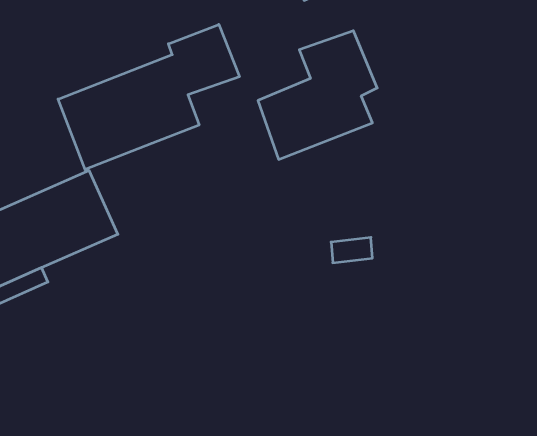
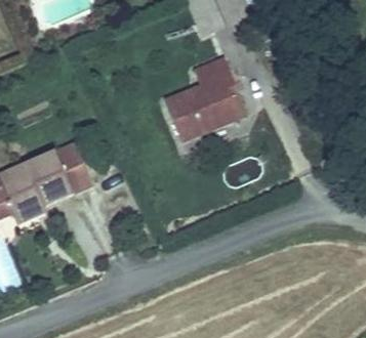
building: [58,24,239,170] -> none

